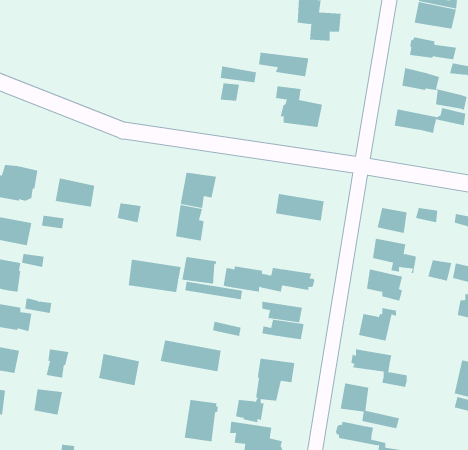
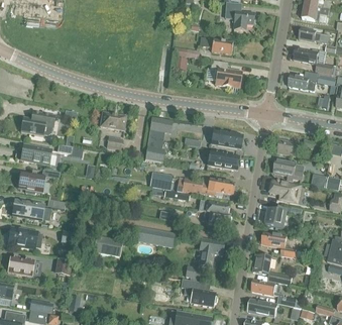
building: [55,178,95,207] -> [99,111,125,130]
building: none -> [206,150,238,170]
building: [128,259,181,293] -> none
building: [184,399,218,442] -> none

